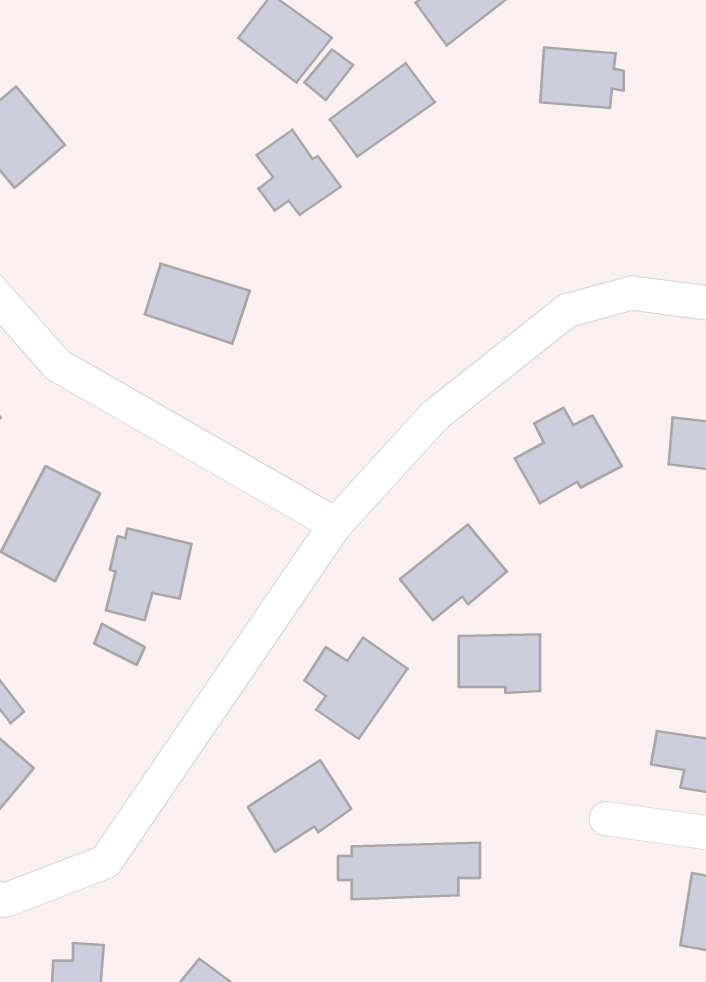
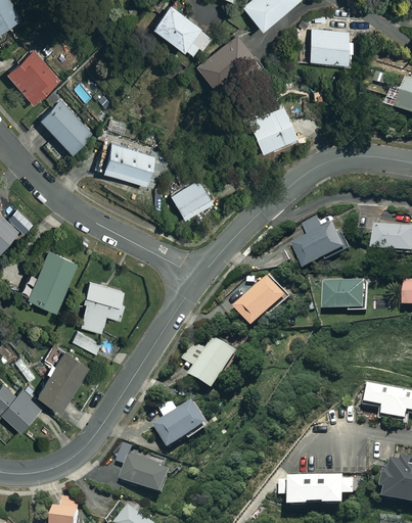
building: [257,130,341,215] -> none
building: none -> [39,91,90,150]
building: none -> [246,105,294,150]
building: none -> [169,178,210,216]
building: [459,634,540,693] -> [325,280,368,311]
building: none -> [35,343,88,408]
building: [338,843,480,899] -> [279,477,354,507]
building: none -> [121,454,172,495]

